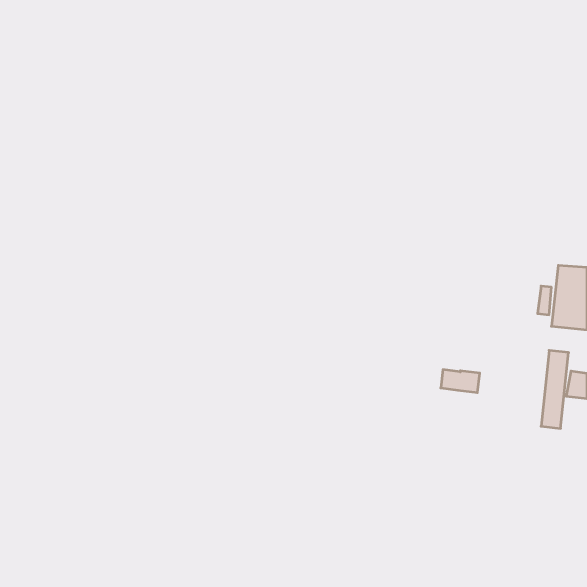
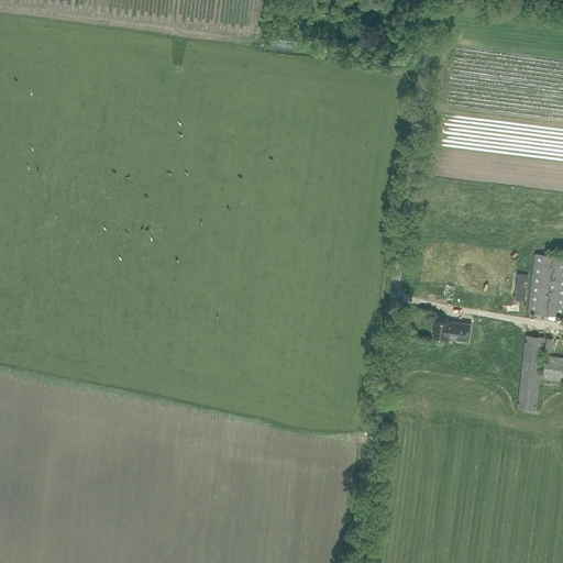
building: [441,370,480,393] -> [434,320,472,342]

